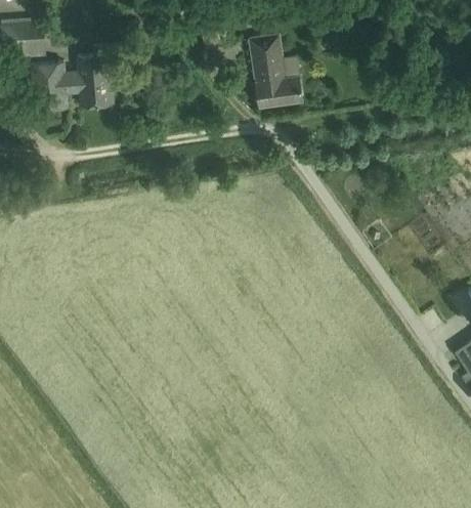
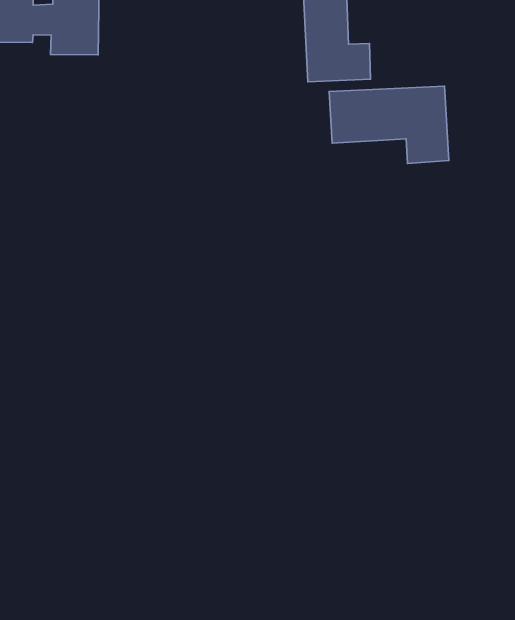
building: none -> [329,86,449,164]

